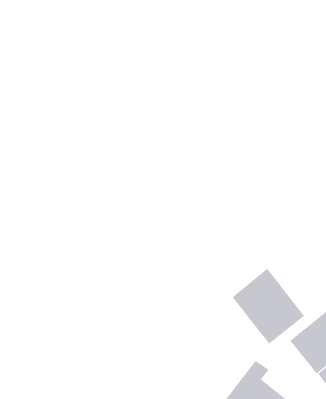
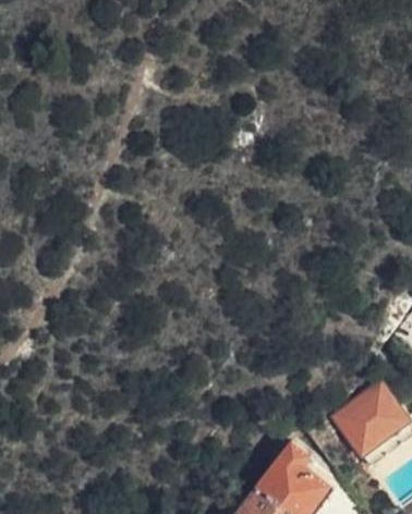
building: [231,268,305,345] -> none

